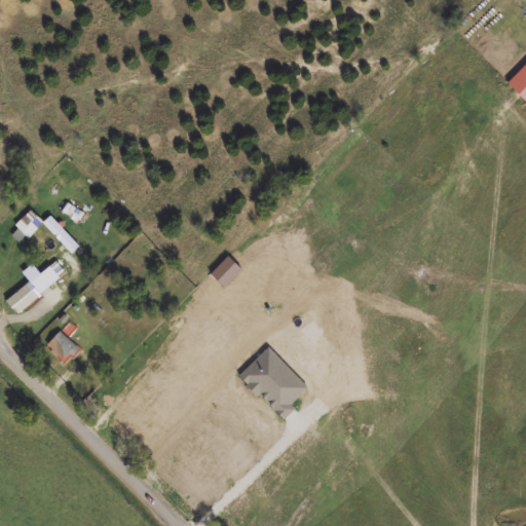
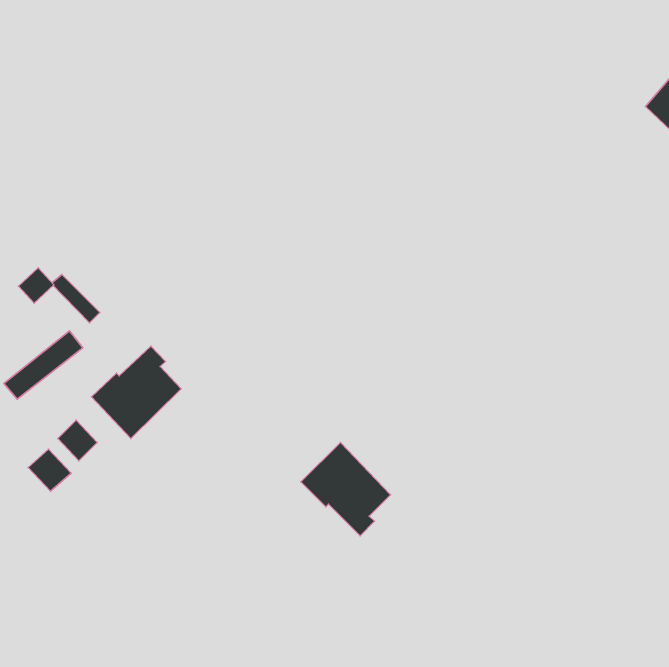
building: [210,256,241,288] -> none
building: none -> [92,346,181,439]
building: none -> [28,449,71,491]

